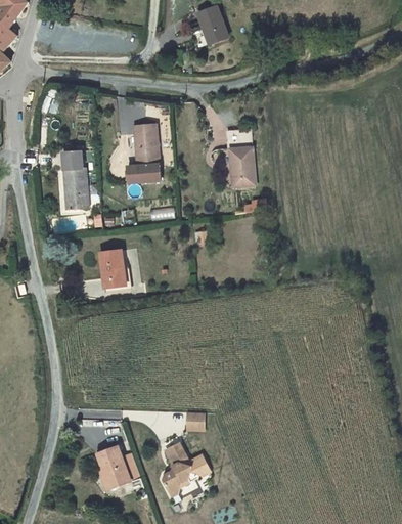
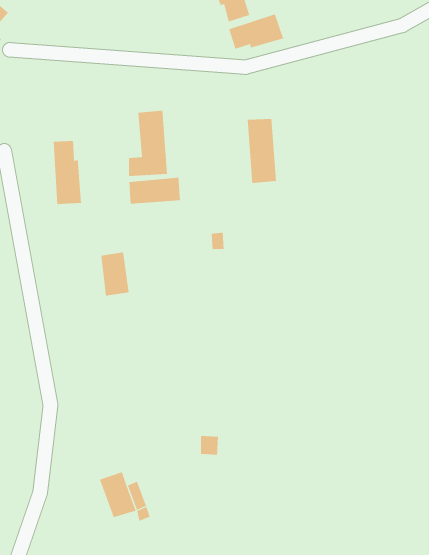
building: none -> [228,14,284,49]
building: none -> [129,177,181,205]
building: [164,442,211,495] -> none

